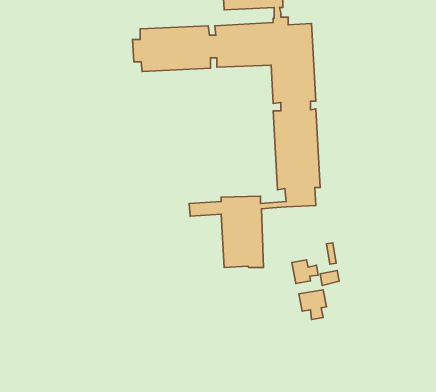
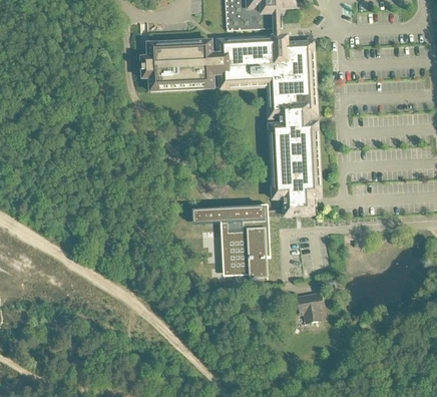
building: [292,260,318,283] -> none

